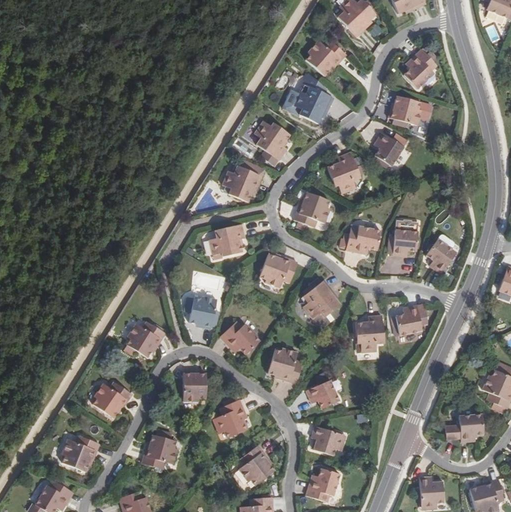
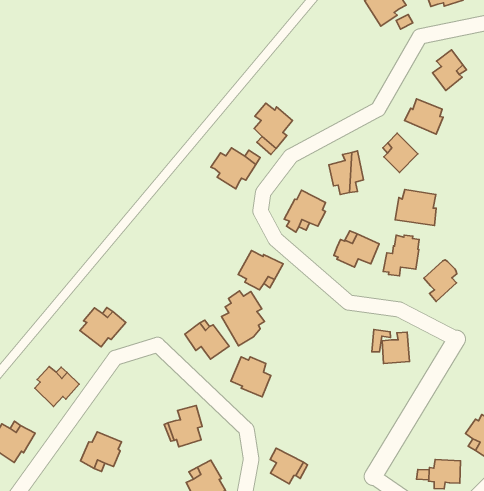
building: [305,36,347,74] -> none
building: [293,71,333,122] -> none
building: none -> [395,190,436,225]
building: [208,224,244,257] -> none
building: [302,279,341,329] -> [221,291,264,346]
building: [186,296,217,329] -> none
building: [355,317,383,353] -> none
building: [183,369,207,399] -> none
building: [305,378,339,407] -> none

